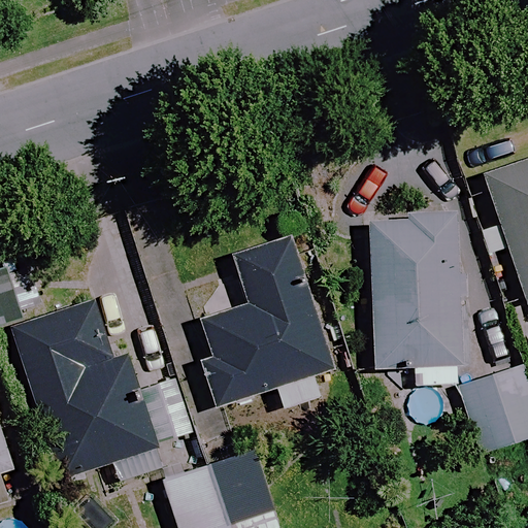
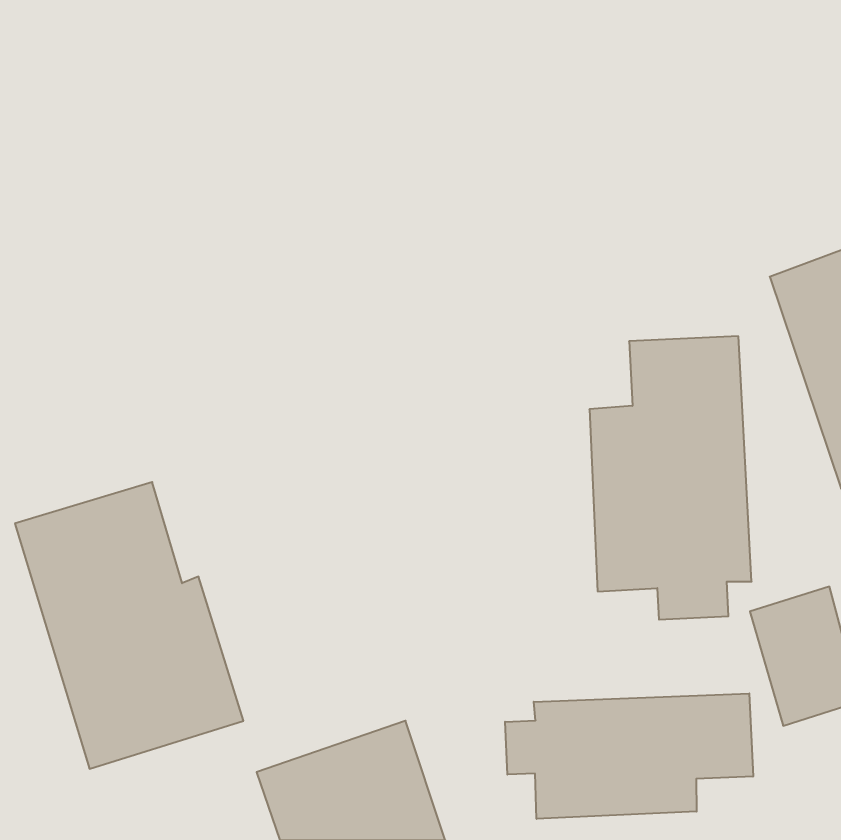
building: [201,231,336,410] -> none
building: none -> [505,693,753,819]

